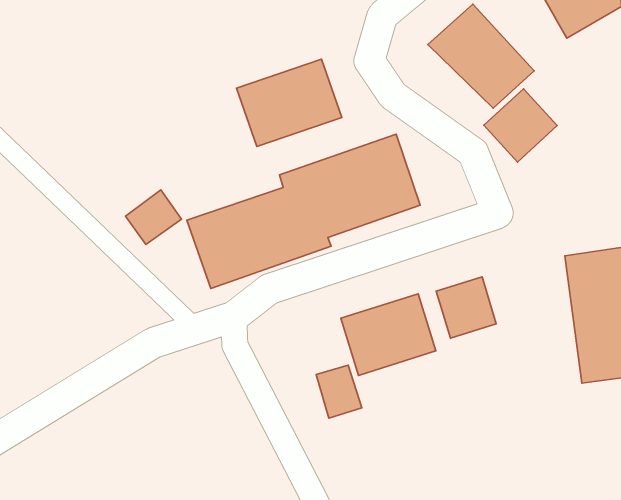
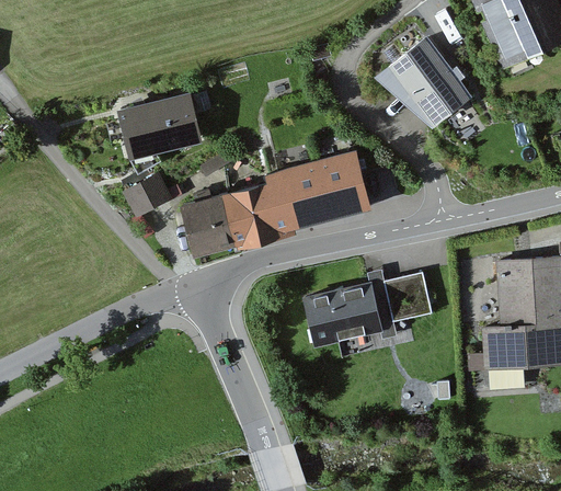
building: [237,59,342,146] -> [119,93,206,162]
building: [484,89,557,162] -> none
building: [316,365,362,418] -> none

